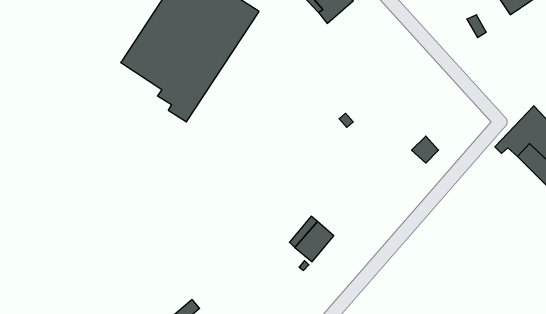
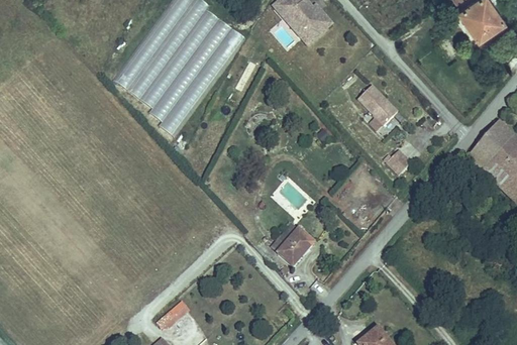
building: none -> [357,86,398,125]

